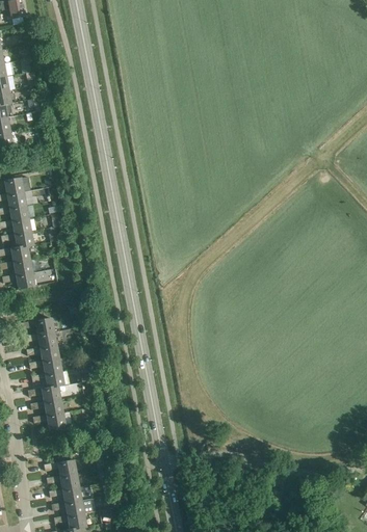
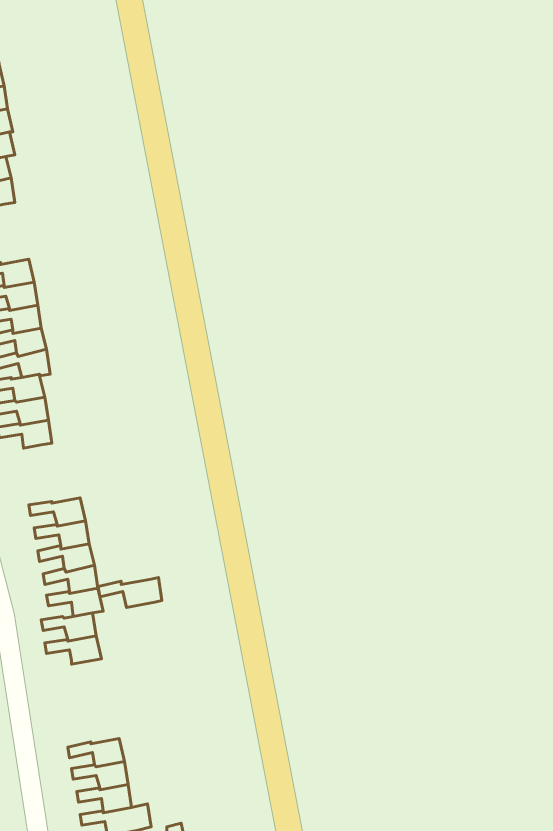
building: [33,410,71,428] -> [98,578,162,608]

